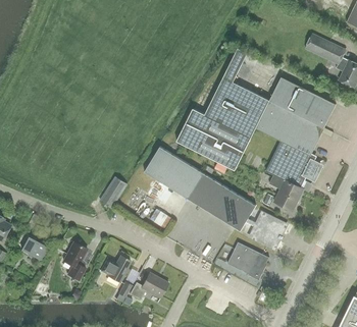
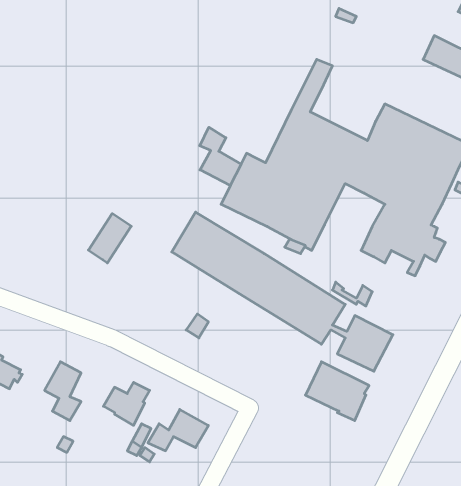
building: none -> [200,127,241,186]
building: [270,171,304,211] -> none
building: [100,177,128,209] -> [88,214,131,263]

